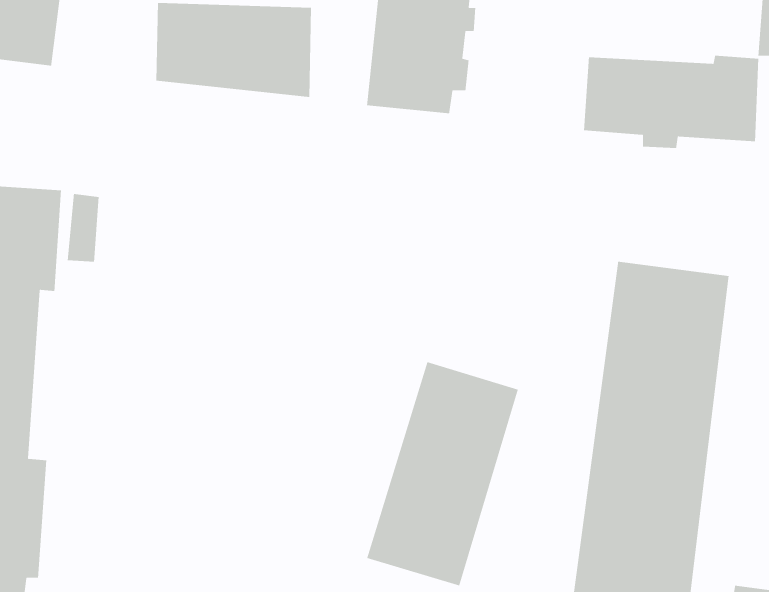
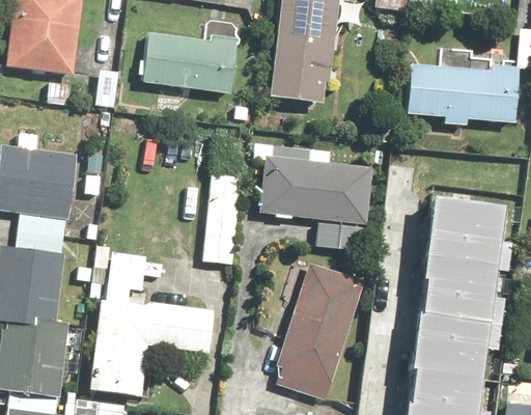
building: none -> [254,141,375,250]
building: none -> [199,172,240,264]
building: none -> [76,221,218,395]

